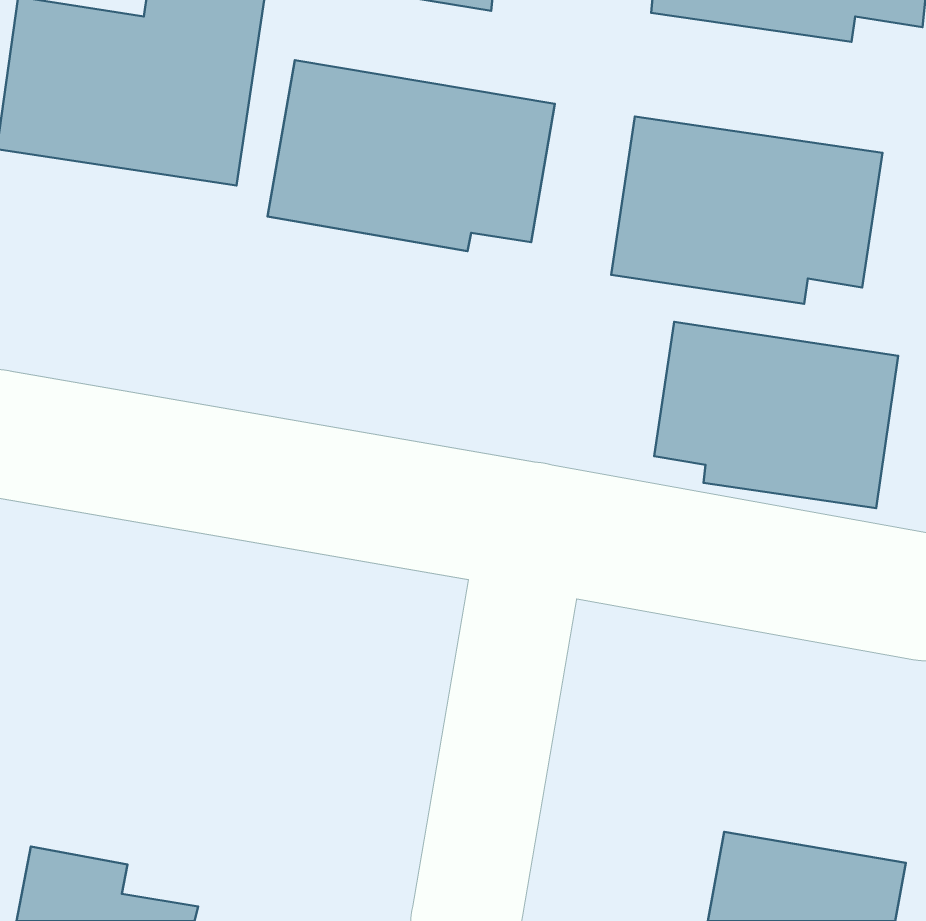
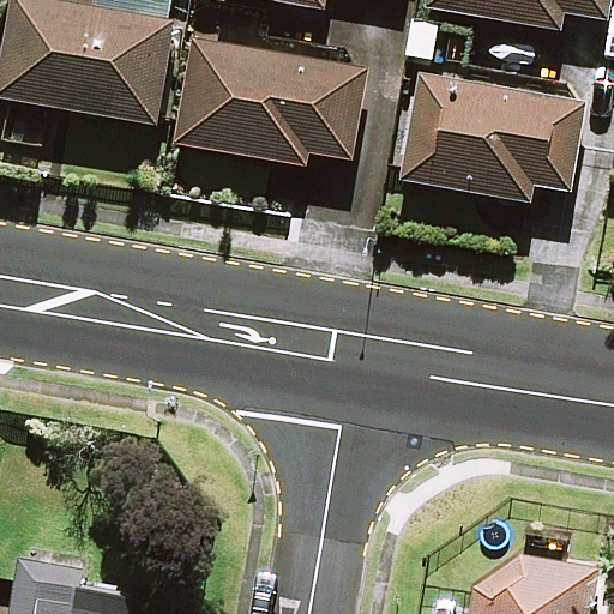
building: [654,322,898,508] -> none

